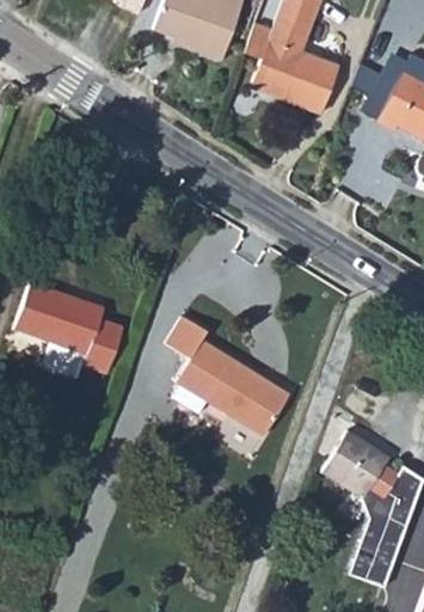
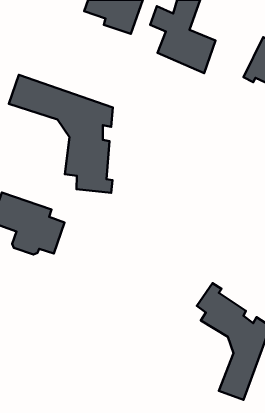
building: none -> [9,75,113,193]
building: [170,322,288,435] -> none

